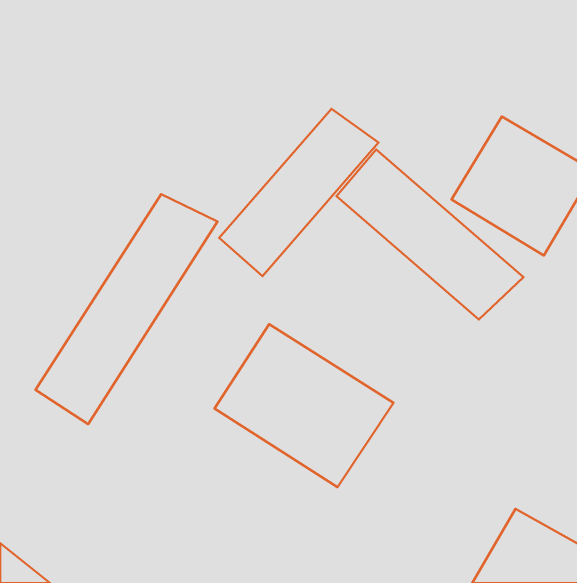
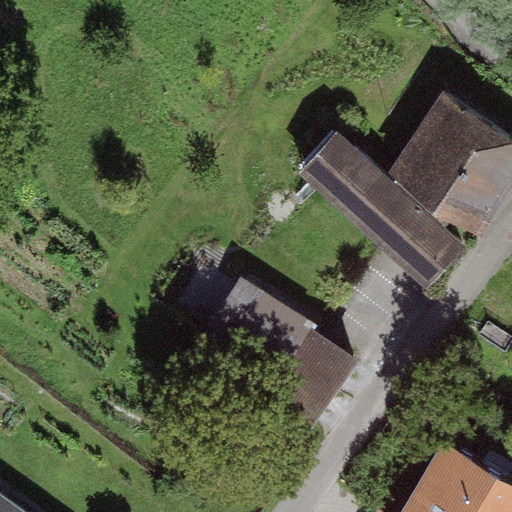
building: [219,109,379,276] -> none
building: [36,194,217,424] -> none

